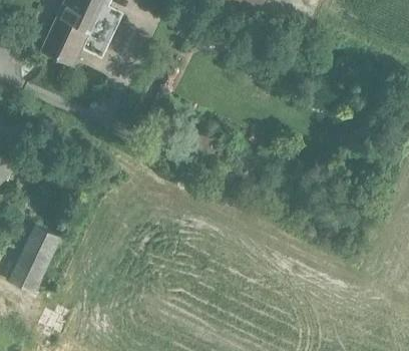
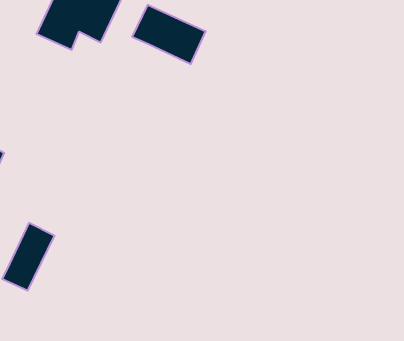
building: none -> [132,5,206,64]

